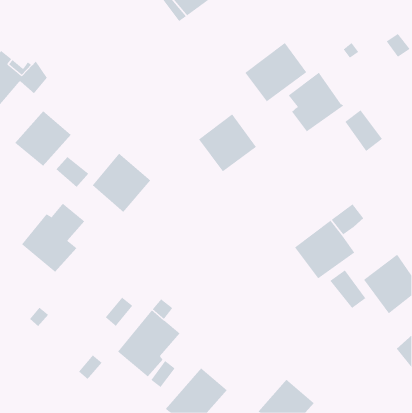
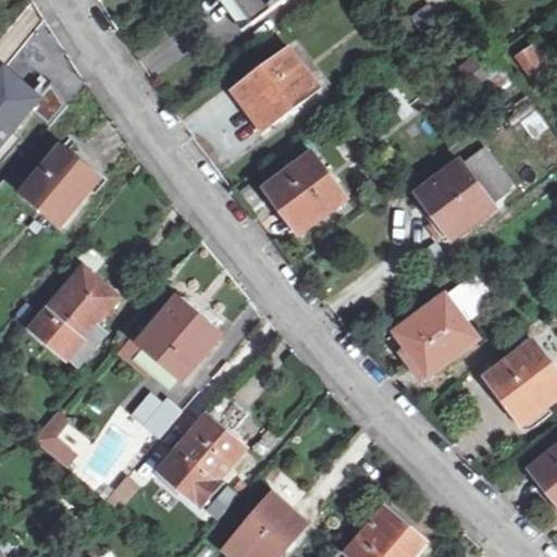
building: [245,42,307,102] -> [234,47,318,127]
building: [288,72,344,132] -> [418,161,493,242]
building: [92,153,151,213] -> [137,294,216,374]
building: [56,156,89,188] -> none
building: [330,269,366,309] -> none

